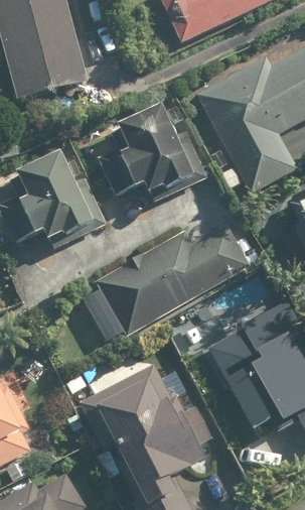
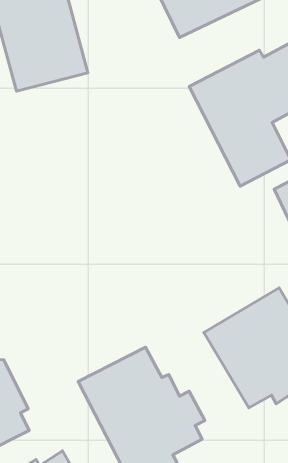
building: [97,103,197,196] -> none
building: [6,150,97,242] -> none
building: [86,222,251,336] -> none

